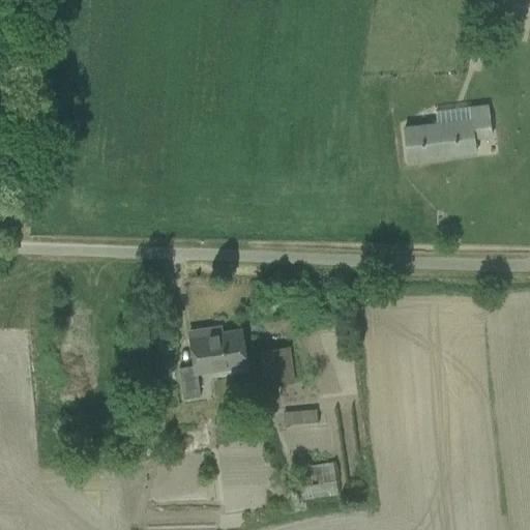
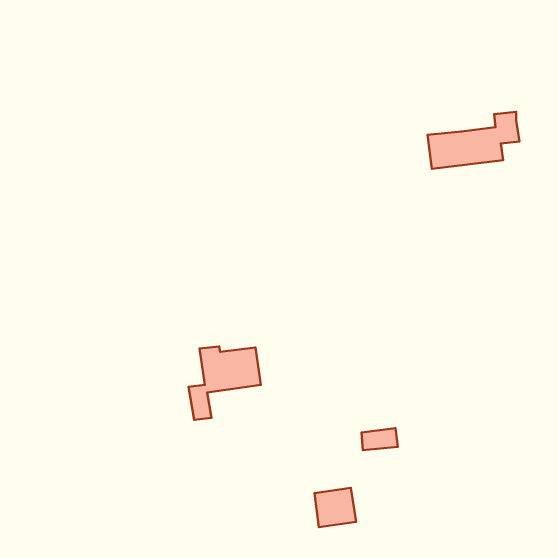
building: [260,346,294,386] -> none
building: [284,407,318,428] -> [362,428,398,450]

